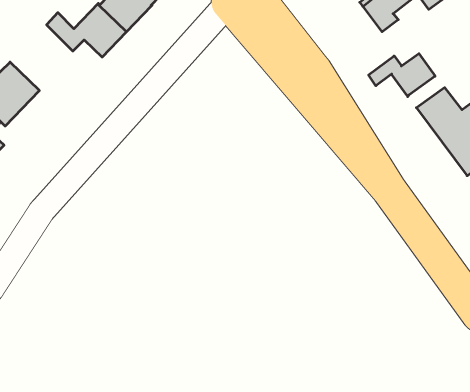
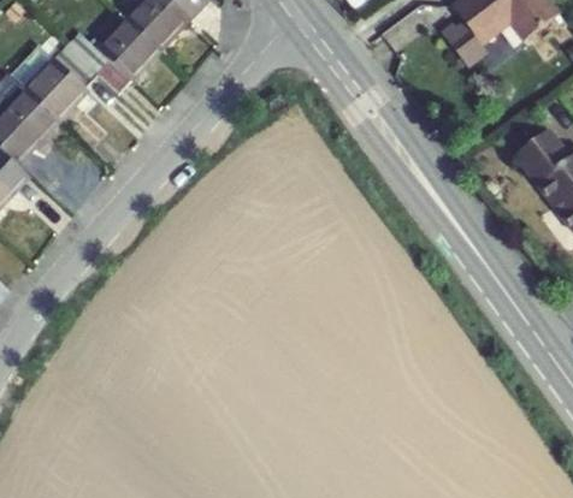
building: none -> [22,46,96,124]
building: [369,54,435,97] -> none

